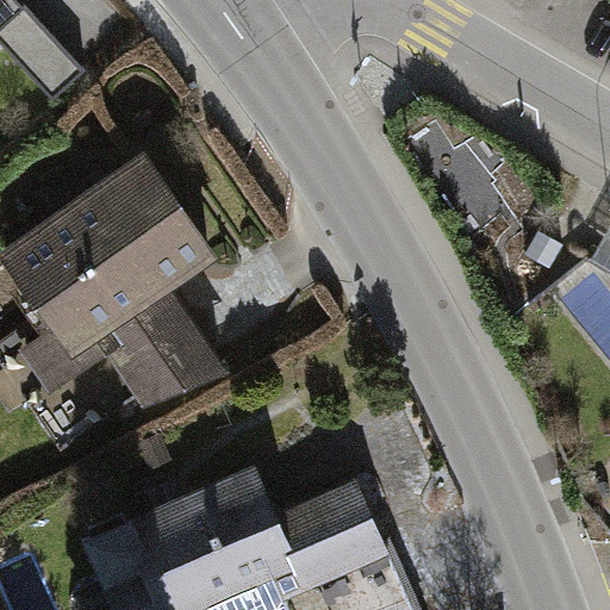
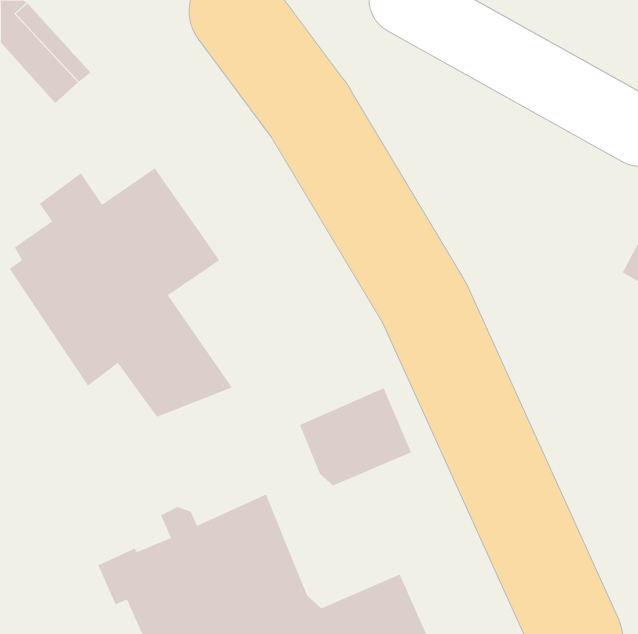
building: [275,490,382,584] -> [299,387,412,486]

